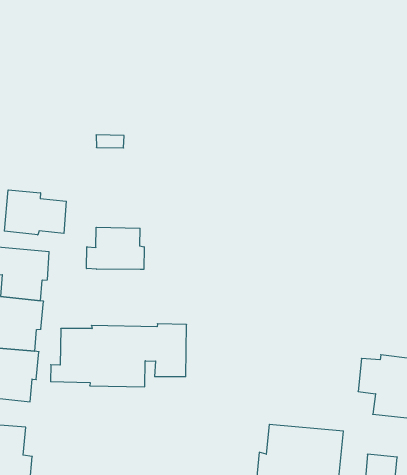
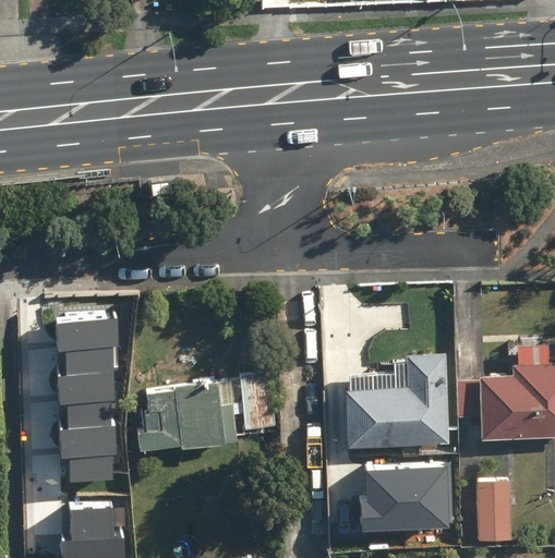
building: [4,190,66,235] -> none
building: [87,227,144,269] -> none
building: none -> [343,352,455,449]

